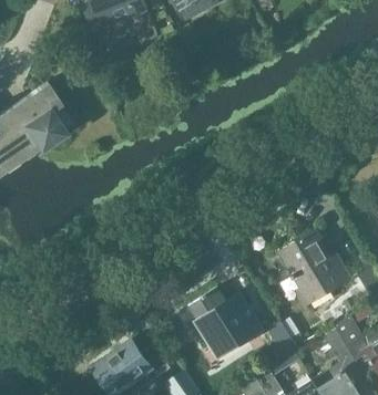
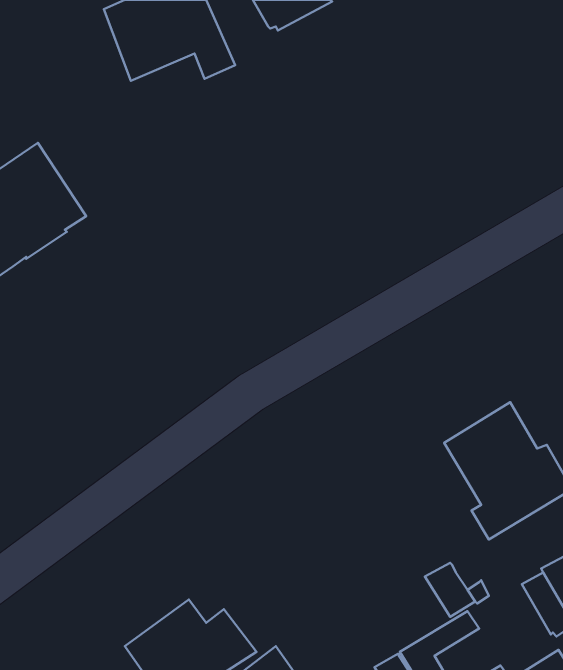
building: [188,287,265,360] -> none

